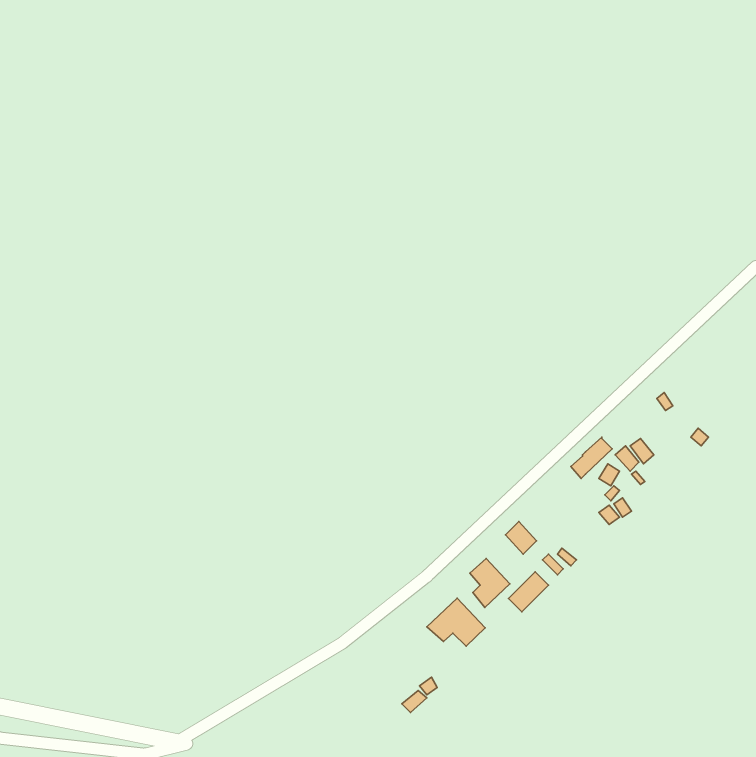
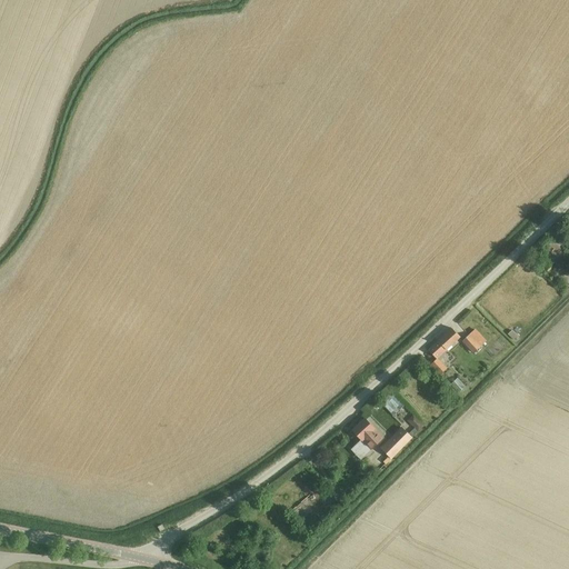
building: [427,598,485,646] -> none

